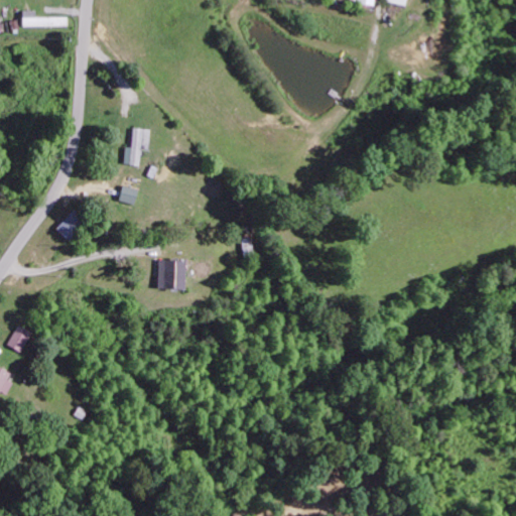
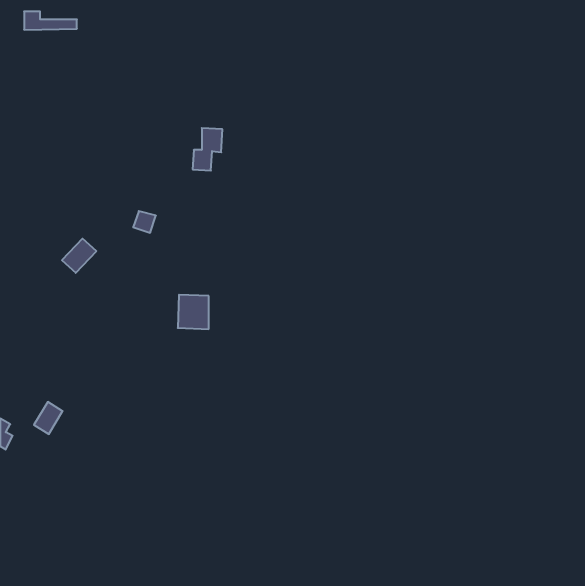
building: [124,128,150,165] -> [193,128,222,171]
building: [7,325,32,353] -> [34,402,63,434]

